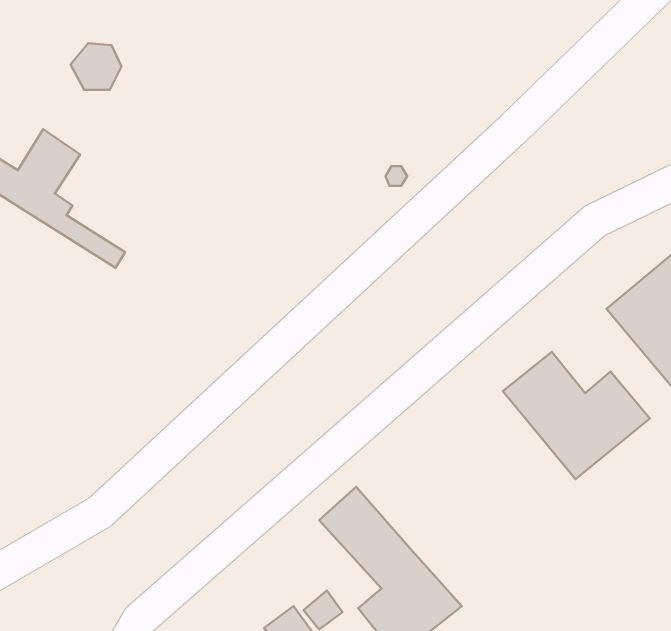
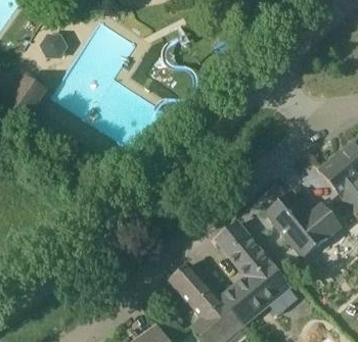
building: none -> [217,222,295,325]

